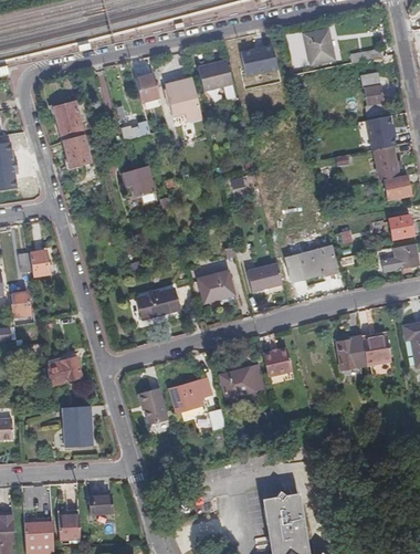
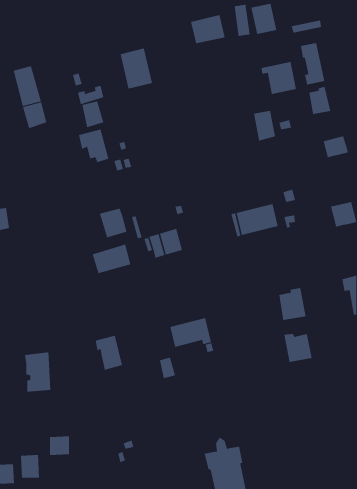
building: [198,60,233,90] -> none
building: [135,73,159,102] -> [81,101,104,128]
building: none -> [261,61,297,95]
building: [374,146,398,179] -> [253,110,276,142]
building: [388,213,413,239] -> none
building: none -> [99,208,127,238]
building: [246,263,282,291] -> none
building: [359,334,390,365] -> [284,333,313,362]
building: [262,348,292,376] -> none
building: [49,357,84,388] -> none
building: [171,379,210,412] -> none

